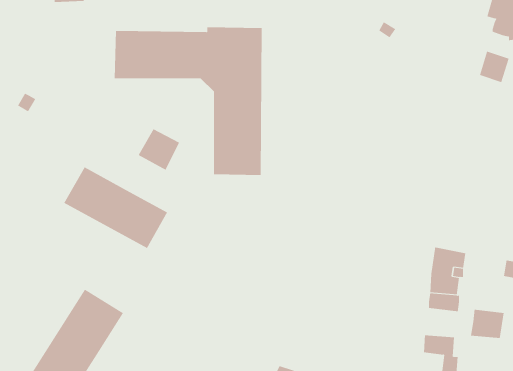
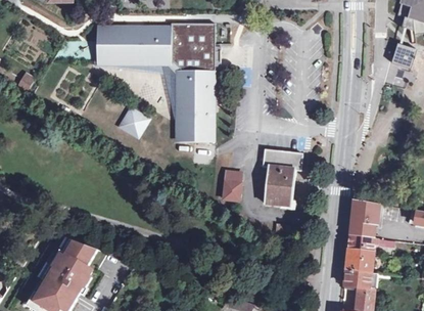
building: [64,167,168,249] -> none
building: none -> [262,148,301,206]
building: none -> [220,169,242,199]
building: [470,309,504,338] -> [345,249,373,272]

